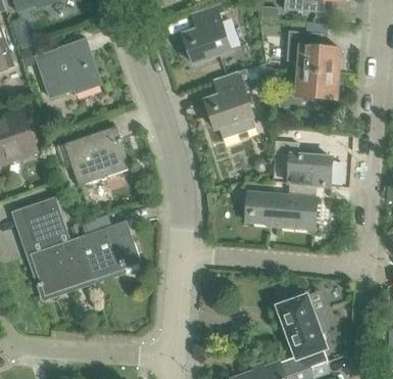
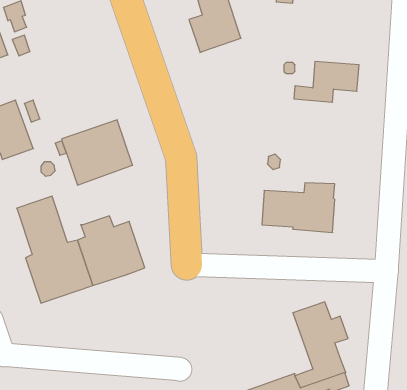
building: [287,32,341,75] -> none
building: [36,38,101,97] -> none
building: [204,70,255,140] -> none
building: [275,141,332,186] -> none

